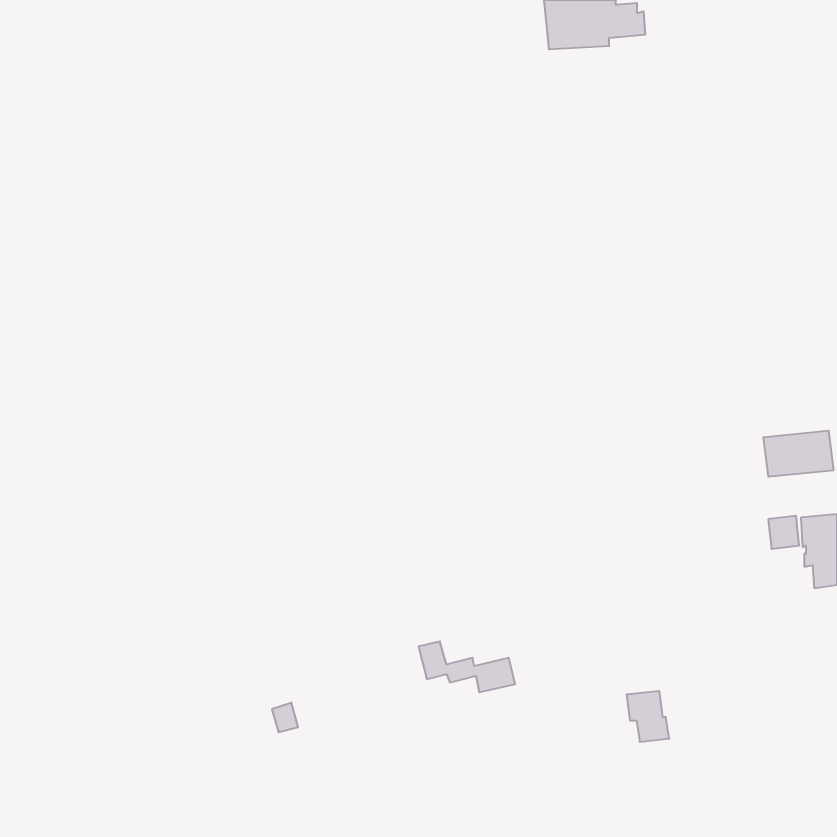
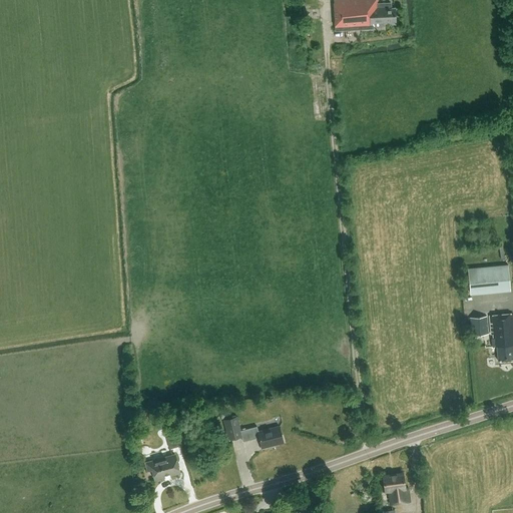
building: [419,641,515,692] -> [224,416,284,447]
building: [627,691,669,742] -> [383,473,409,504]
building: none -> [146,454,180,479]

